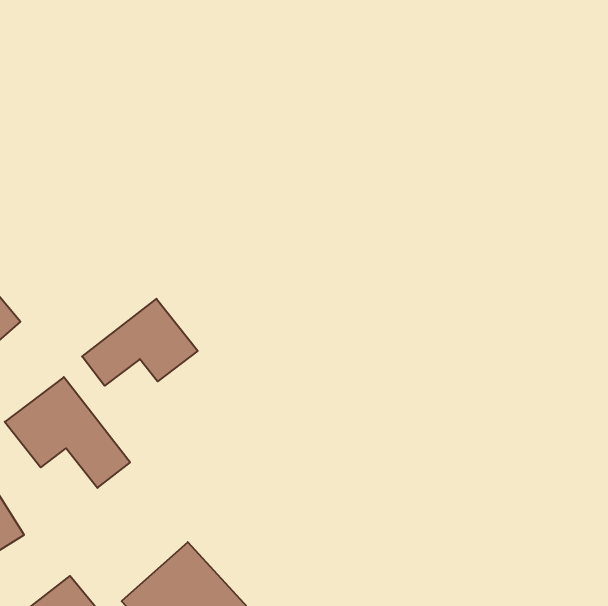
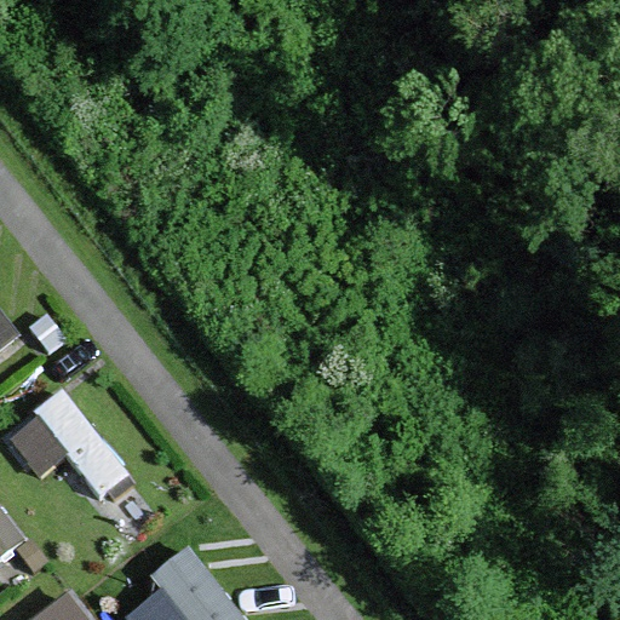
building: [82,299,198,386] -> none

